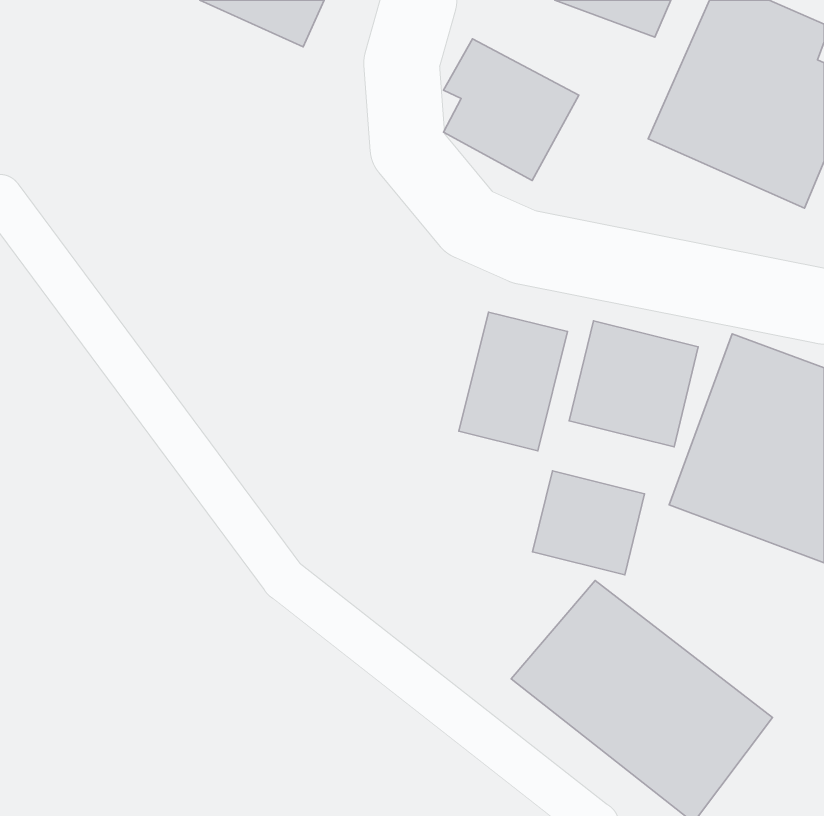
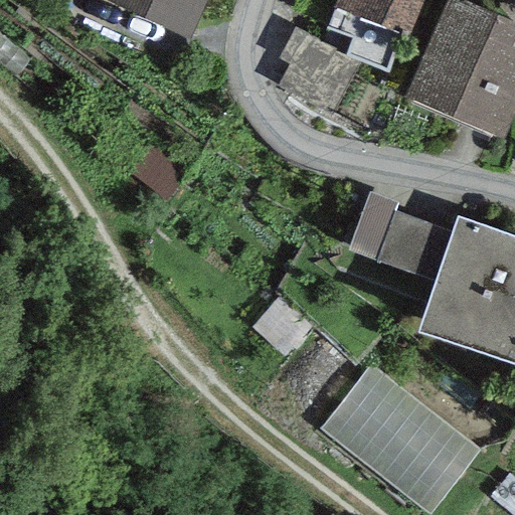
building: [459,312,568,451] -> none
building: [533,471,645,575] -> none

